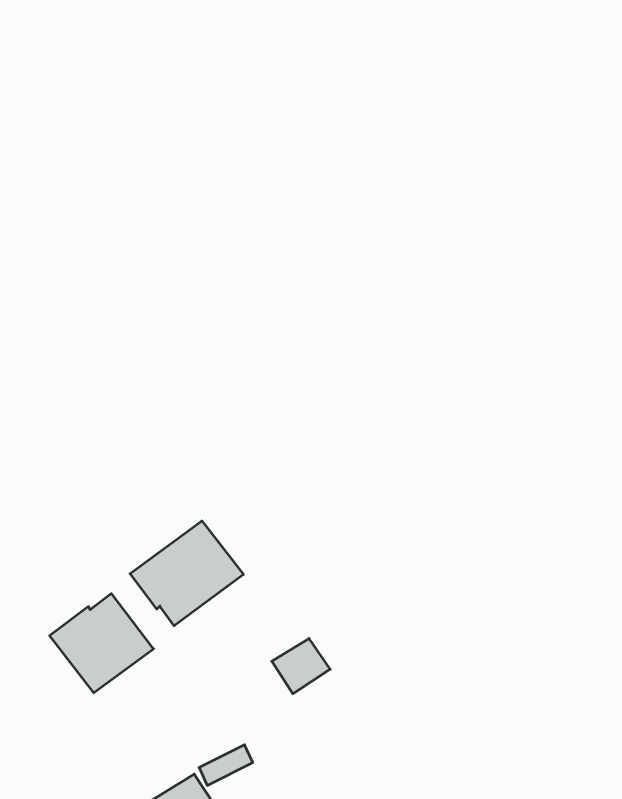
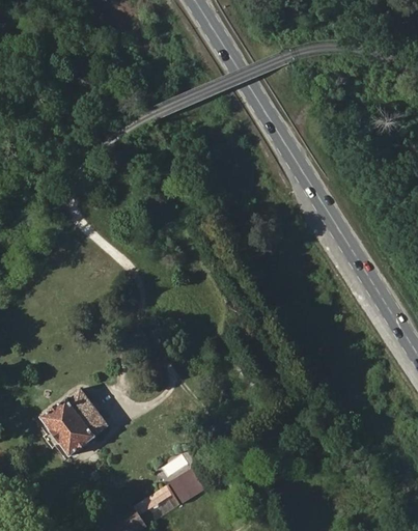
building: [130,521,243,626] -> none
building: [272,638,330,694] -> [165,472,202,507]

